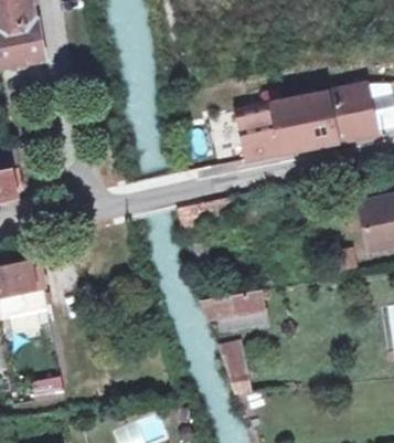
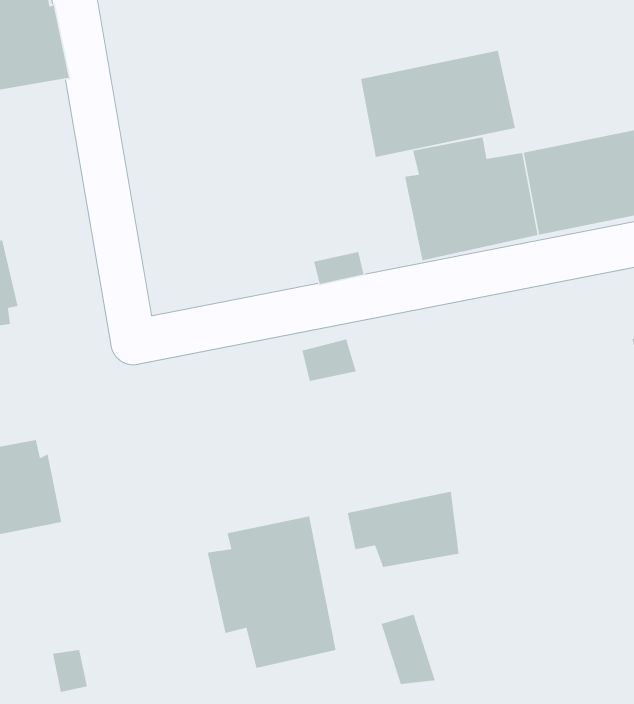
building: none -> [360,50,516,158]
building: none -> [207,516,337,669]

